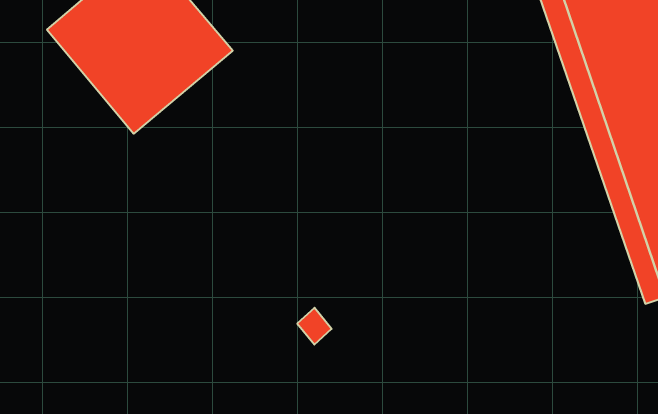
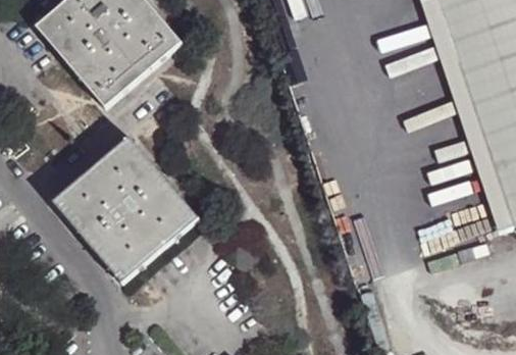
building: none -> [53,137,200,282]

